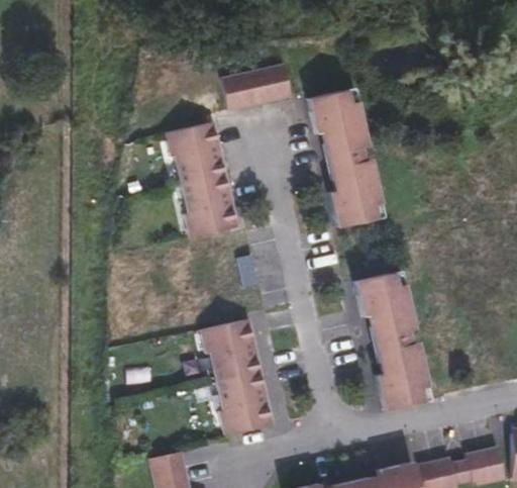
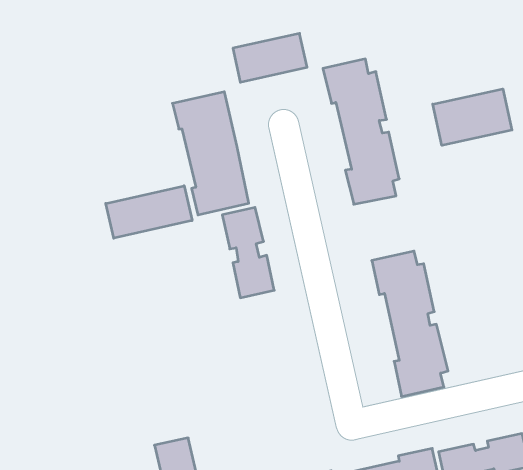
building: none -> [433,89,512,145]
building: none -> [106,186,192,238]
building: [201,318,274,435] -> none

